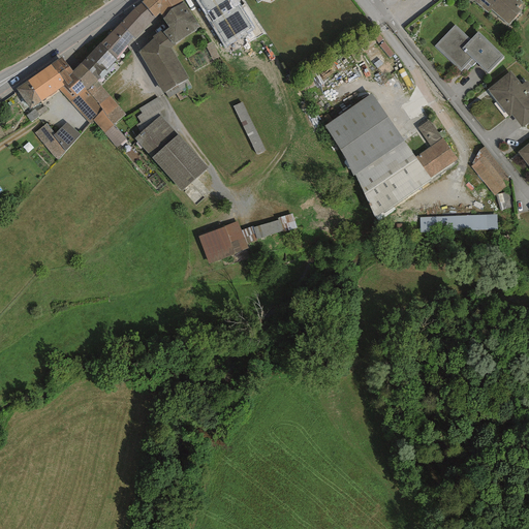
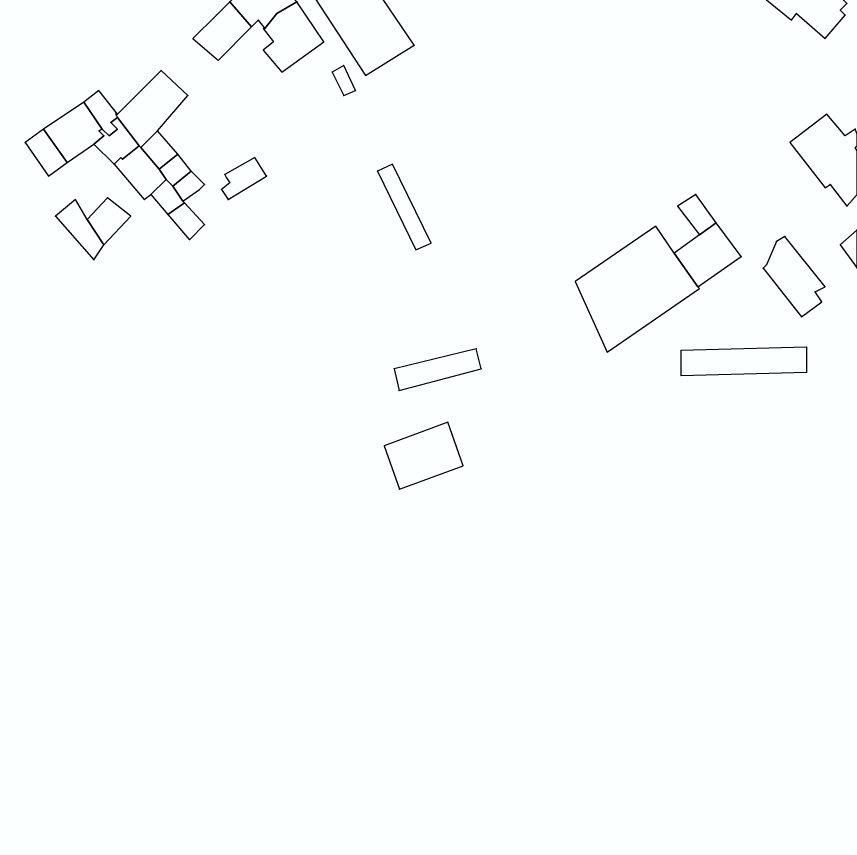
building: [99,24,133,59] -> none
building: [434,24,503,72] -> none
building: [138,30,188,92] -> none
building: [324,93,404,175] -> none
building: [134,116,208,191] -> none
building: [198,223,247,264] -> [384,422,463,489]

